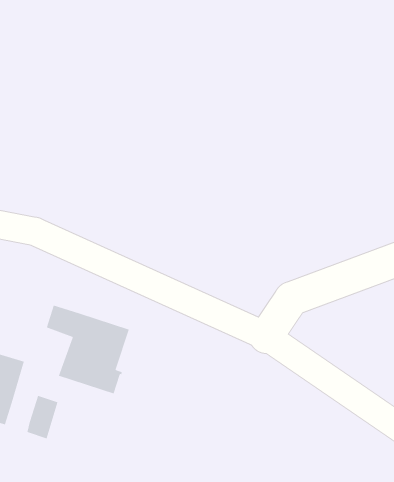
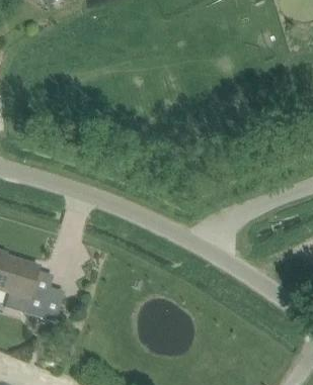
building: [46,304,130,395] -> none

